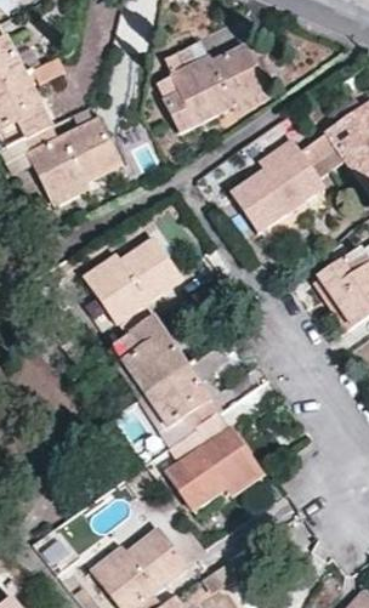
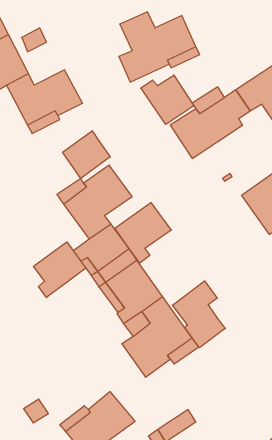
building: none -> [141,75,194,124]
building: none -> [63,131,110,178]
building: none -> [115,203,171,263]
building: none -> [34,242,86,298]
building: none -> [172,281,225,348]

